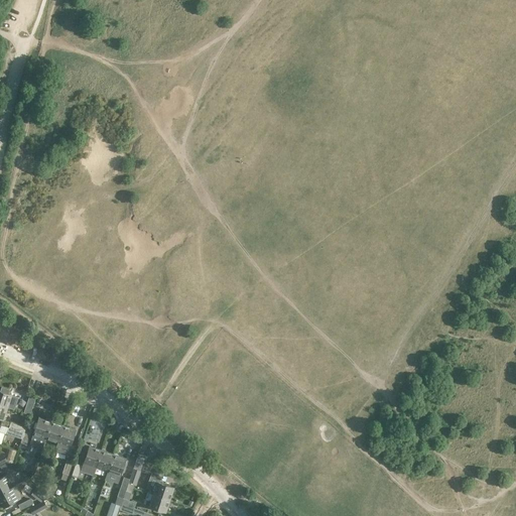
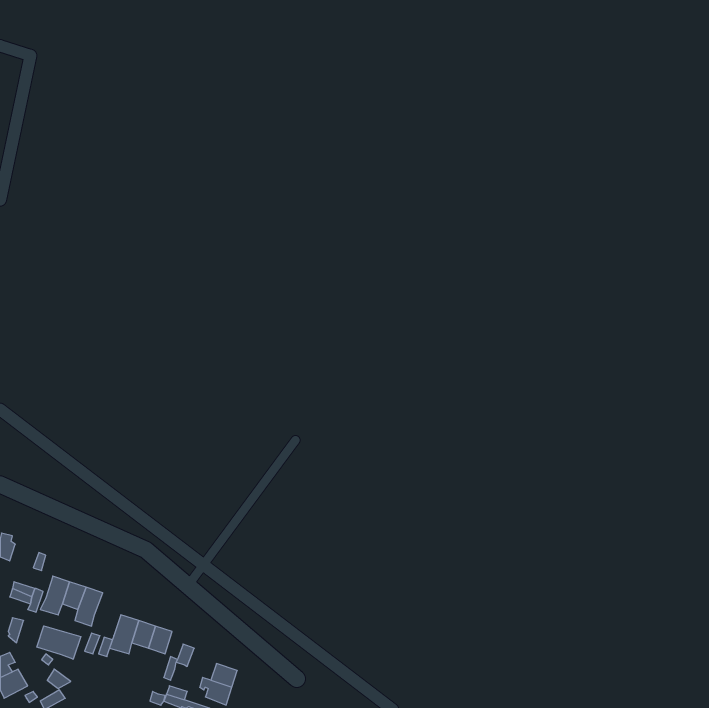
building: none -> [37,626,81,659]

